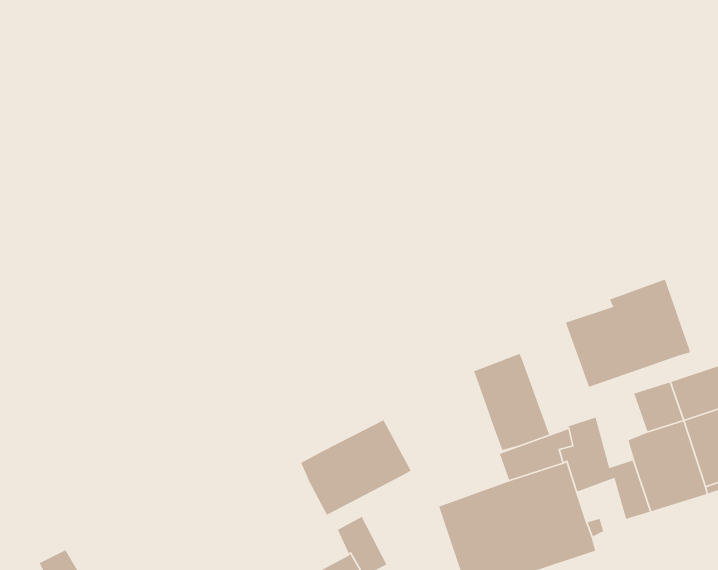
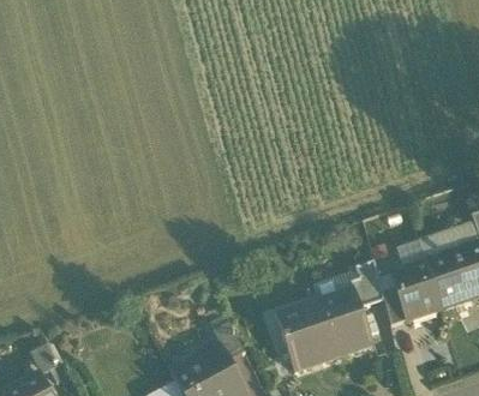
building: [565,279,691,388] -> none
building: [473,353,550,451] -> none
building: [300,419,412,516] -> none

